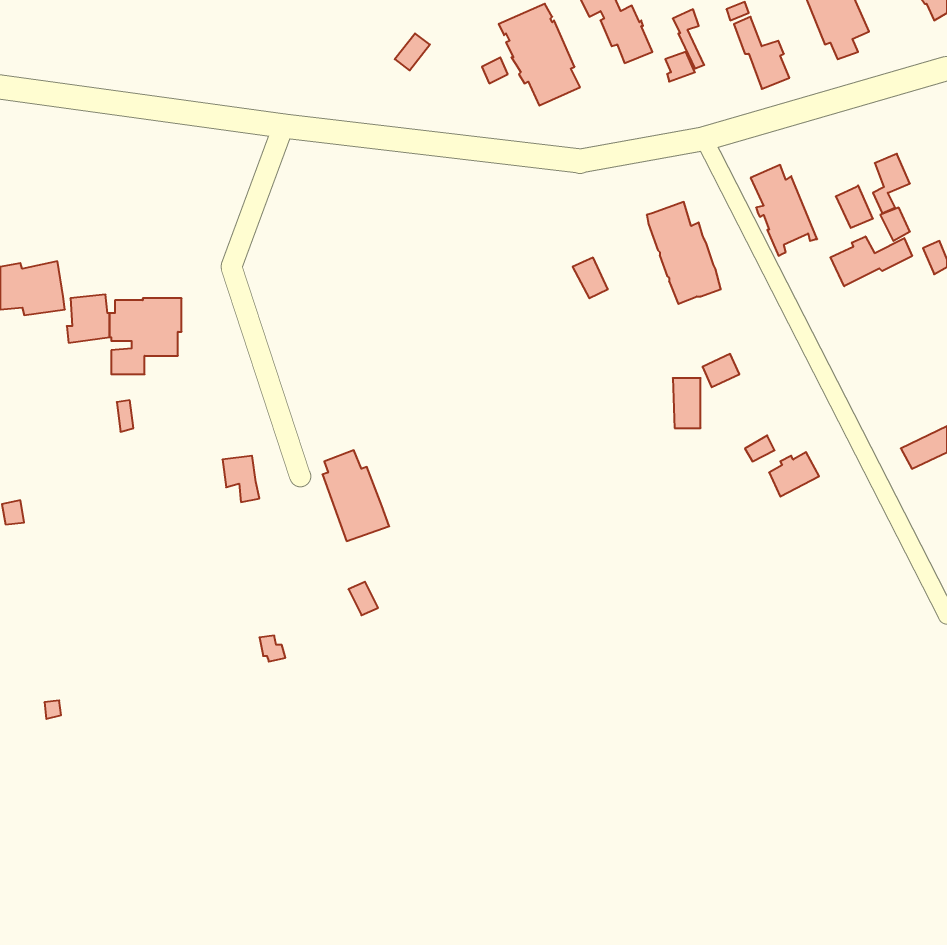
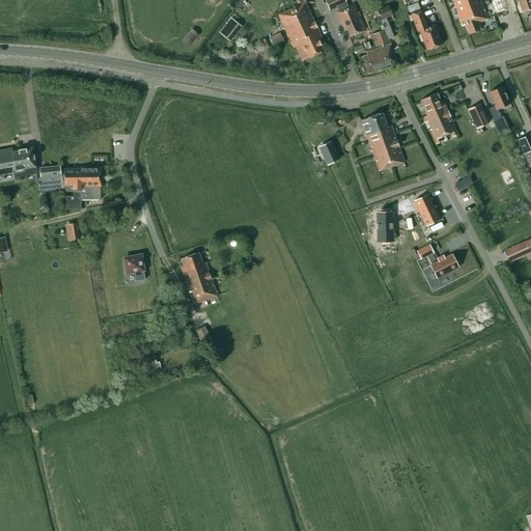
building: none -> [362,43,397,73]
building: [830,236,912,286] -> none
building: none -> [415,195,440,226]

